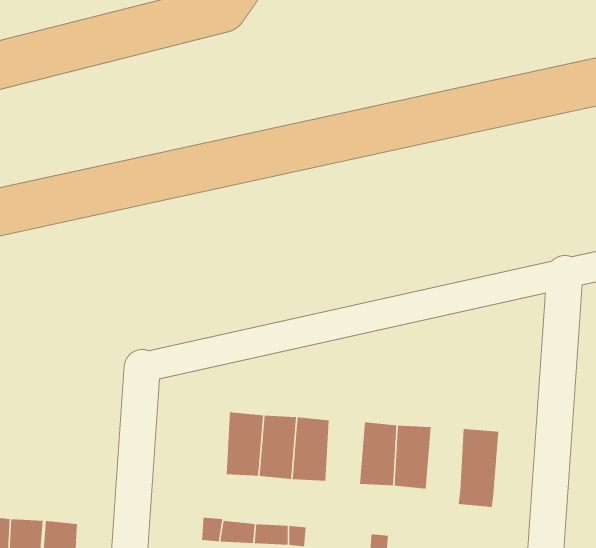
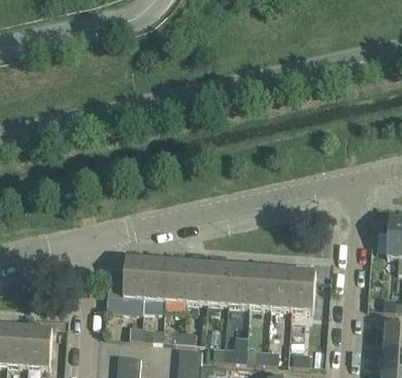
building: none -> [107,257,146,313]
building: none -> [207,264,231,304]
building: none -> [270,268,293,308]

